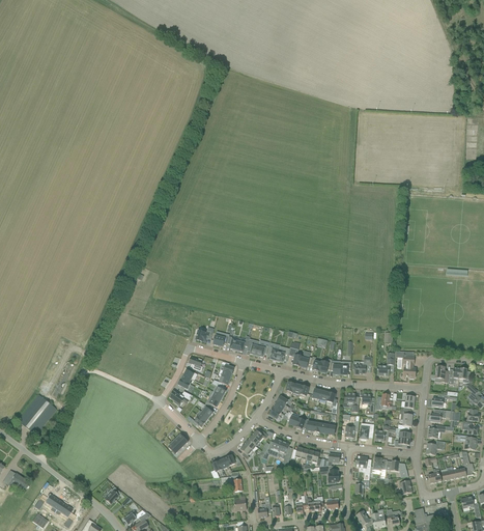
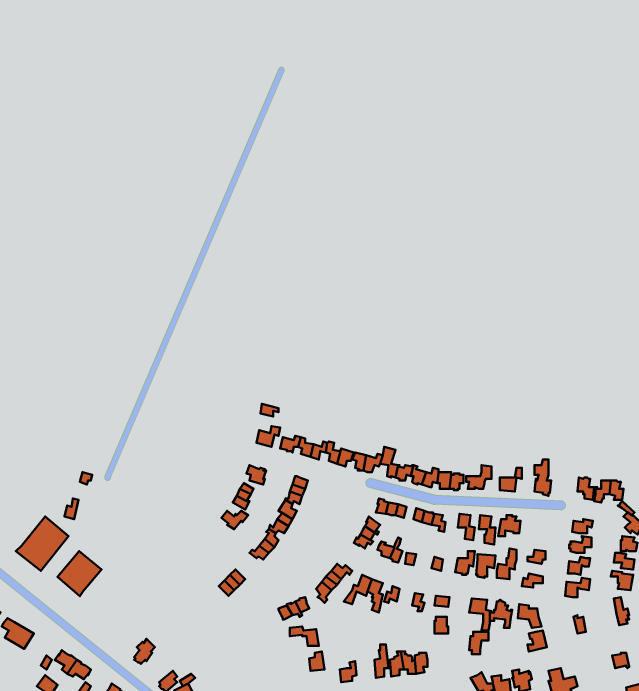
building: none -> [57,551,101,596]

